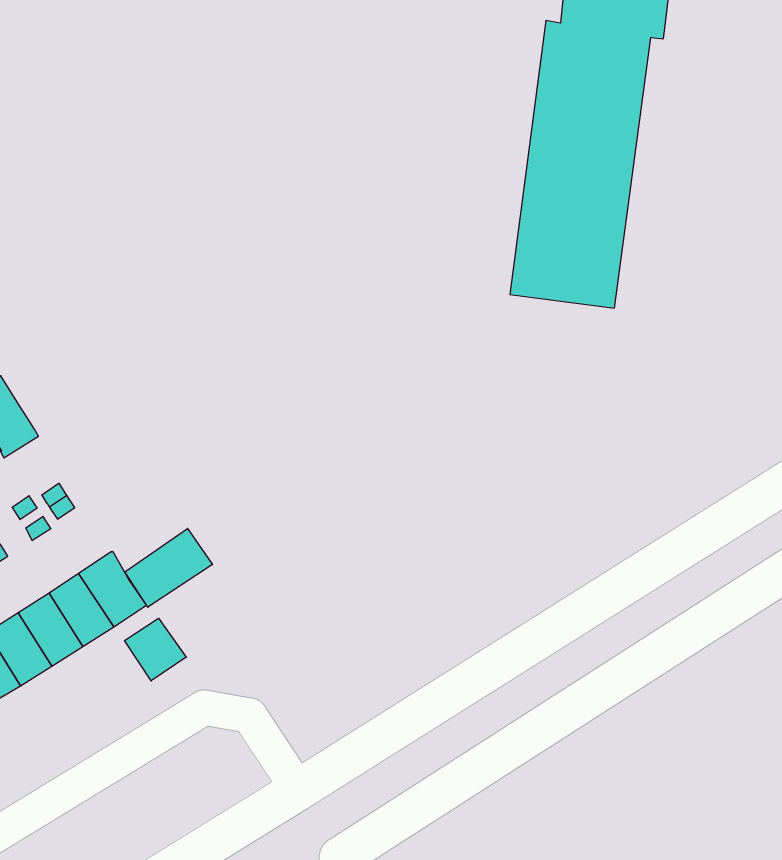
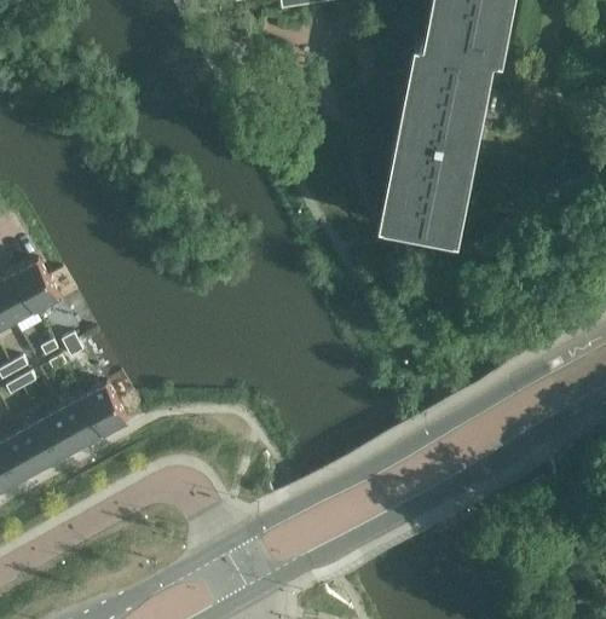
building: [125,528,212,607] -> none
building: [125,618,186,681] -> none

